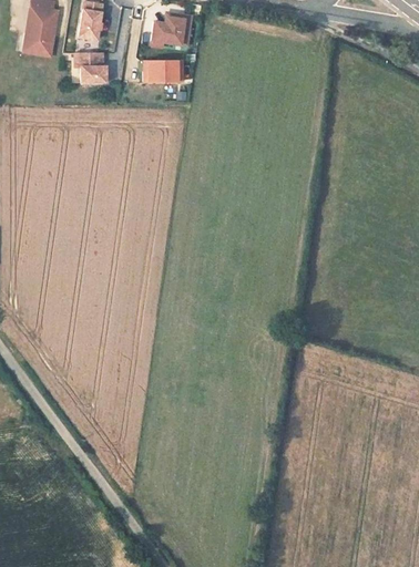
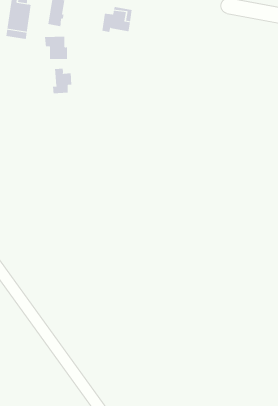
building: [145,62,176,83] -> none
building: none -> [52,68,72,94]

